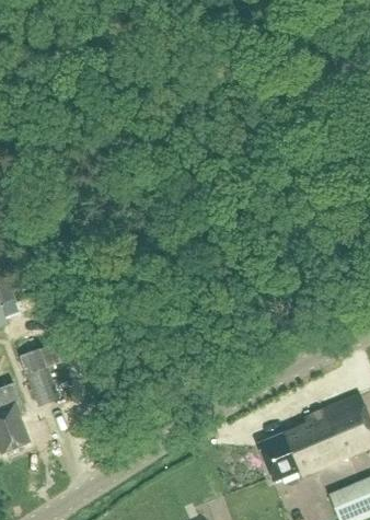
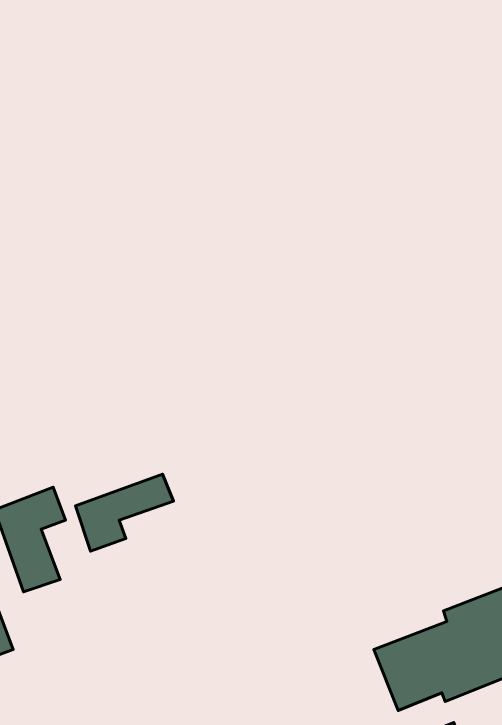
building: none -> [75,474,173,551]

